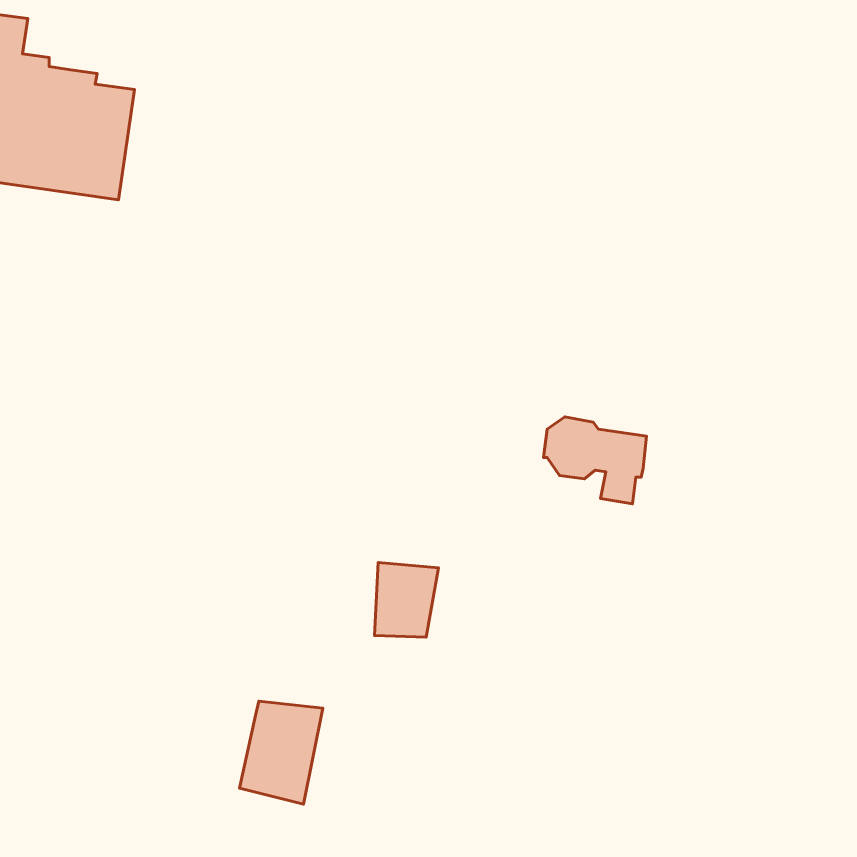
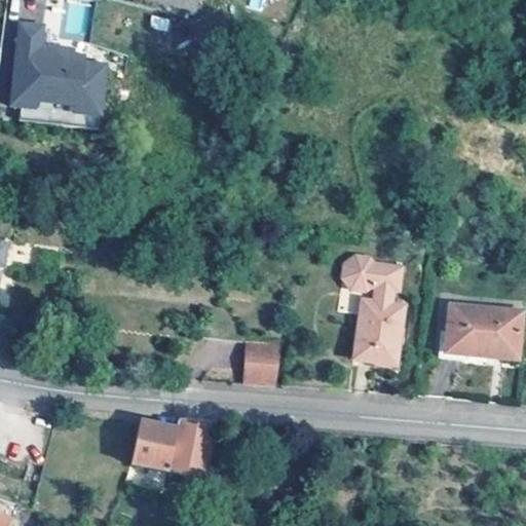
building: none -> [353,301,404,364]
building: none -> [447,304,519,358]
building: none -> [130,420,176,469]

